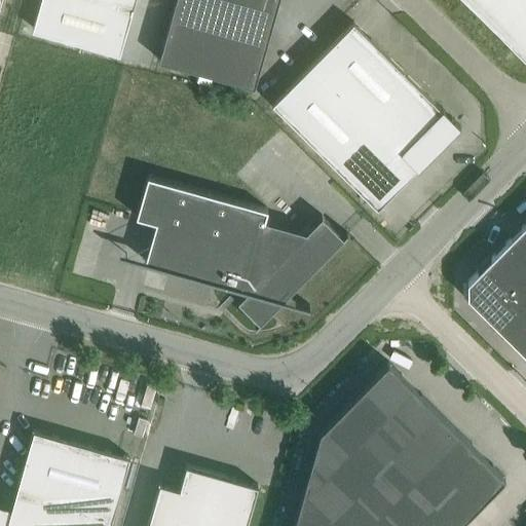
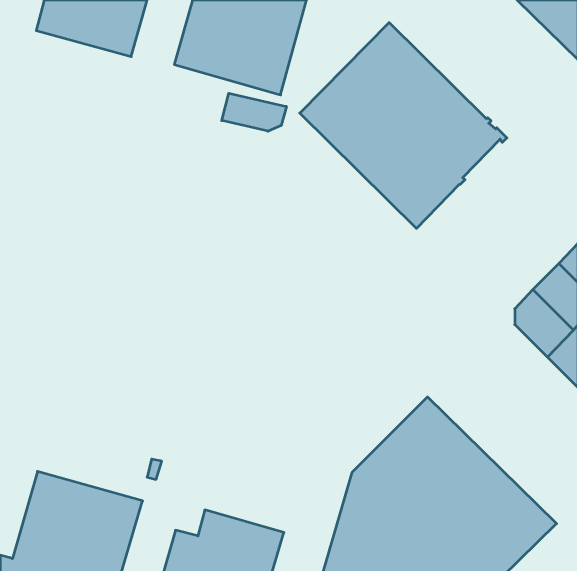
building: none -> [222,93,286,131]
building: [138,180,348,331] -> none

